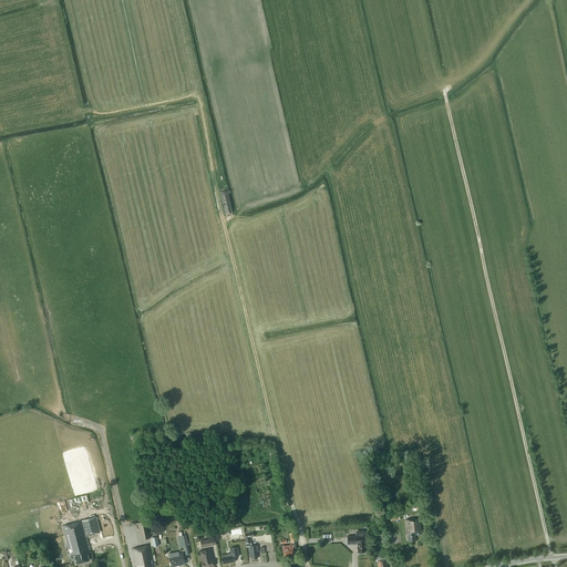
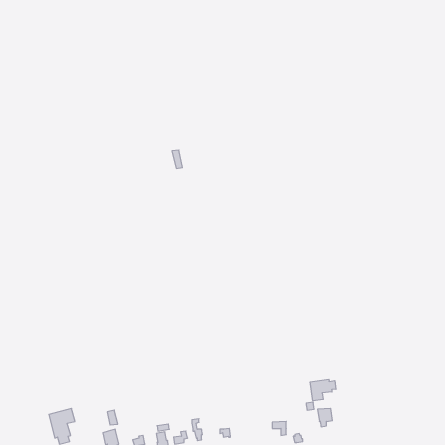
building: none -> [310,379,336,401]

